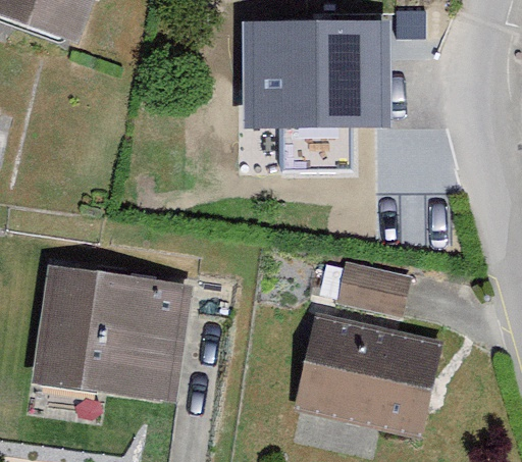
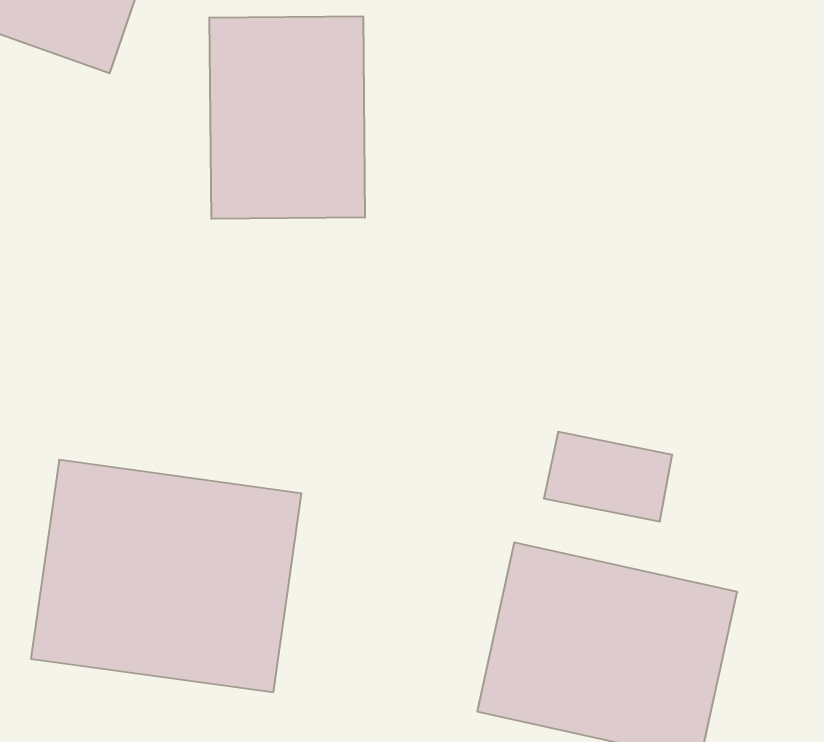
building: none -> [209,16,365,219]
building: [241,19,392,123] -> none

